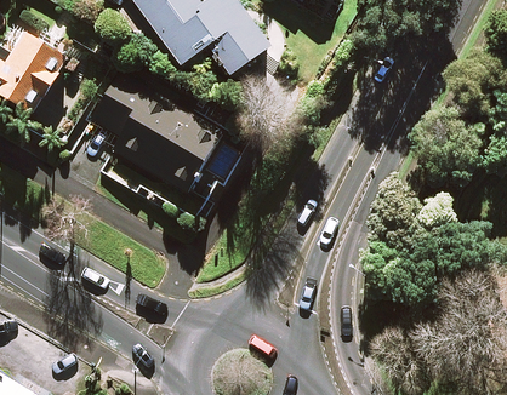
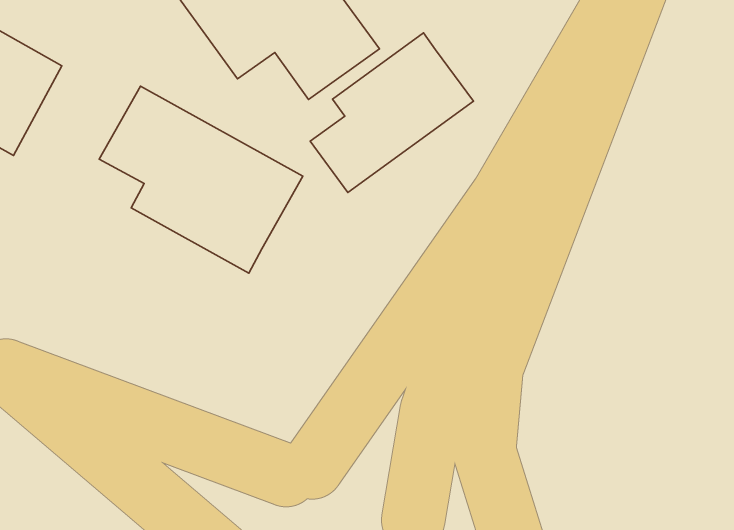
building: none -> [310,33,473,192]

